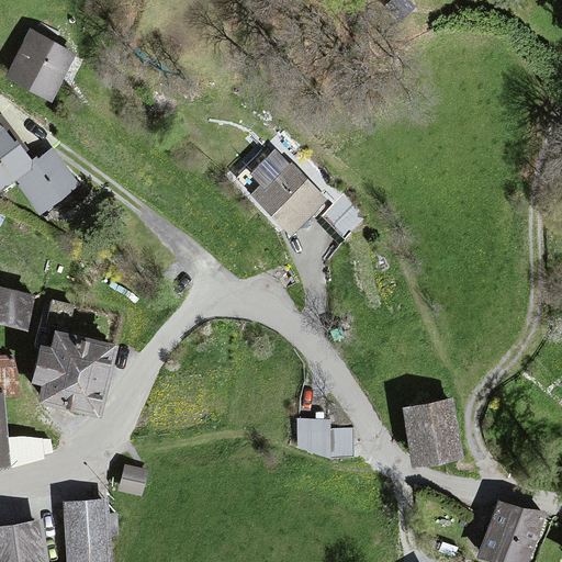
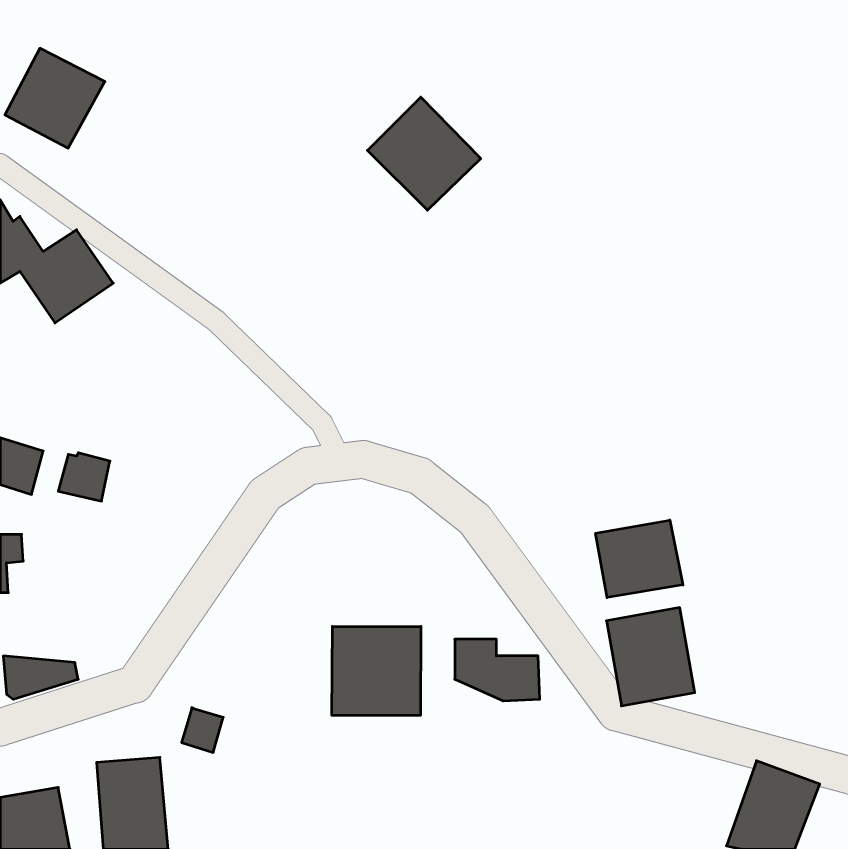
building: [250,160,325,235] -> [367,97,481,210]
building: [26,330,111,417] -> none
building: none -> [596,520,683,598]
building: none -> [332,626,421,715]

